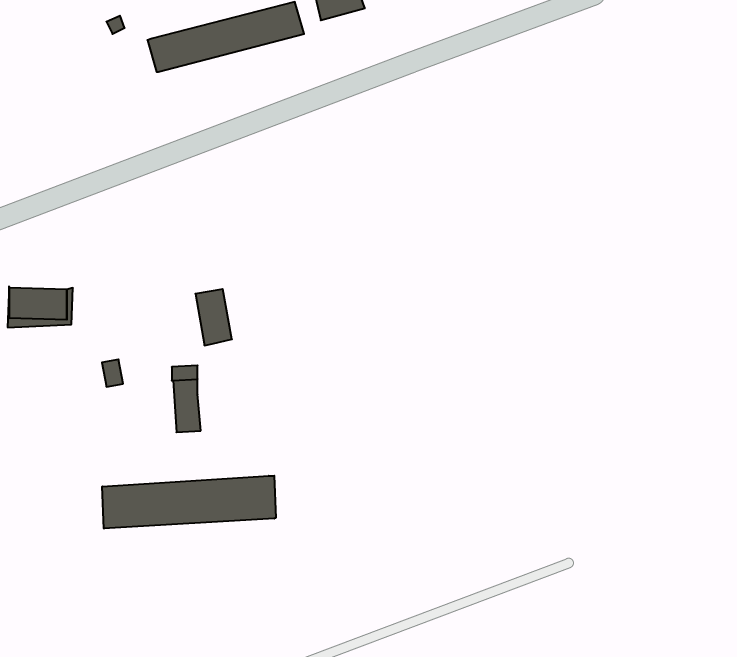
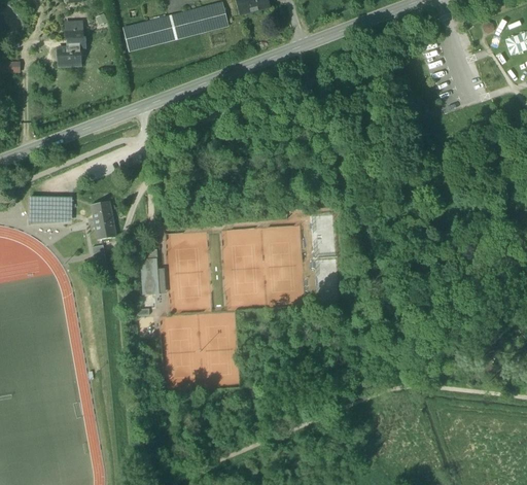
building: none -> [58,28,85,65]
building: [195,289,232,345] -> [91,201,115,239]
building: [102,476,276,529] -> none

